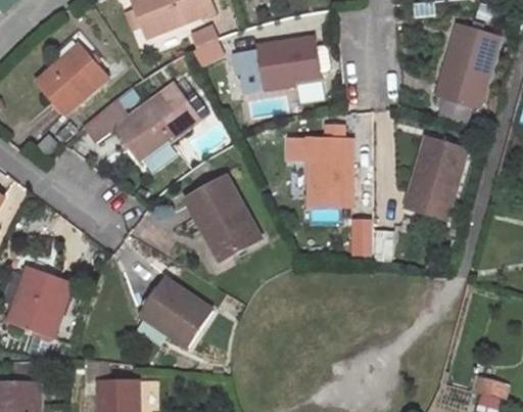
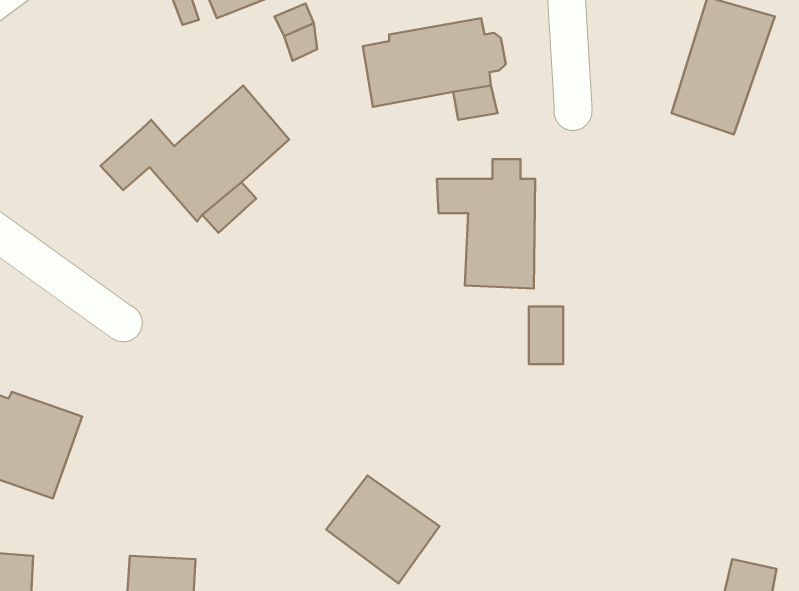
building: [37,46,108,117] -> none
building: [403,137,467,223] -> none
building: [185,174,257,258] -> none
building: [144,279,215,347] -> [326,475,440,584]

